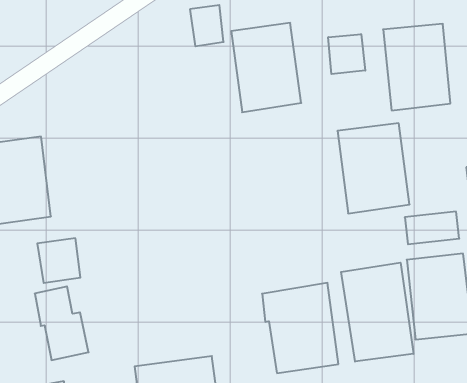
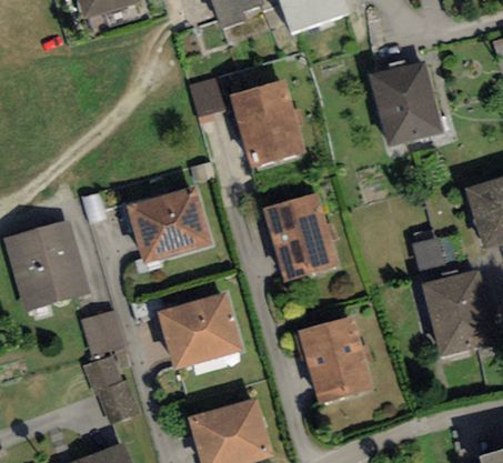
building: [328,34,365,74] -> none
building: none -> [127,187,211,264]
building: [337,123,410,213] -> [261,192,338,282]
building: none -> [157,291,243,370]
building: [341,263,414,362] -> none

